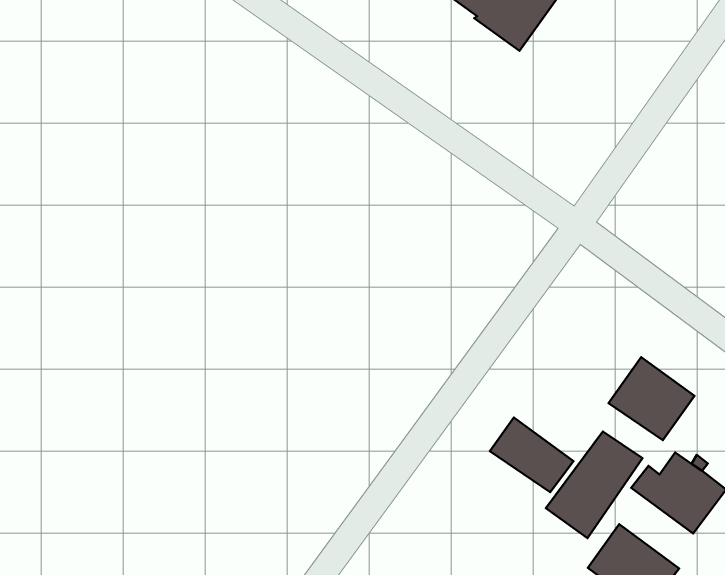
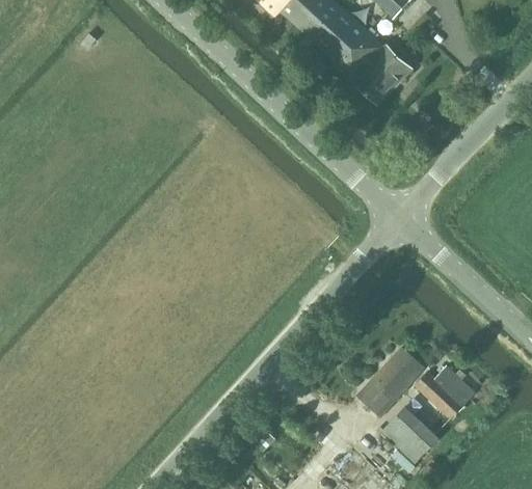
building: [609,357,694,440] -> none
building: [490,417,573,492] -> none

